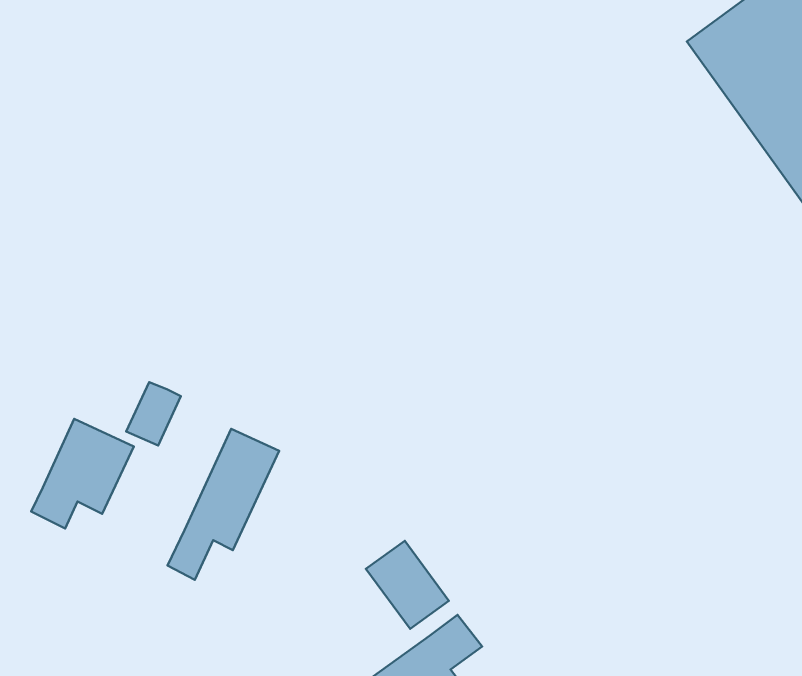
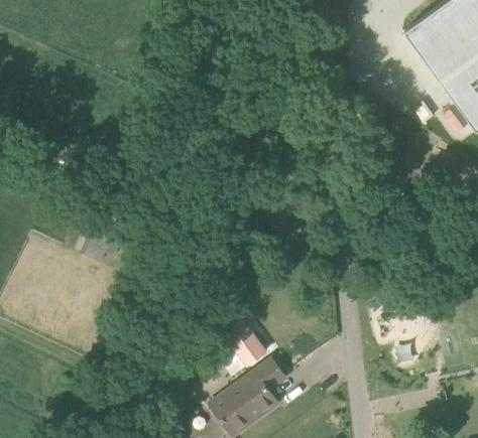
building: [31,419,134,528] -> none
building: [168,429,279,580] -> none

